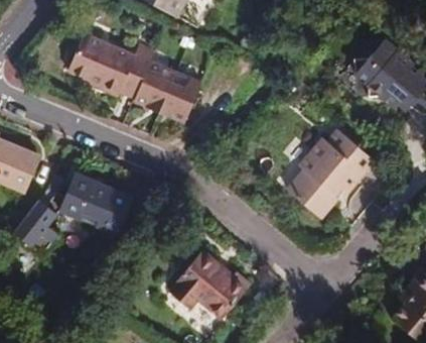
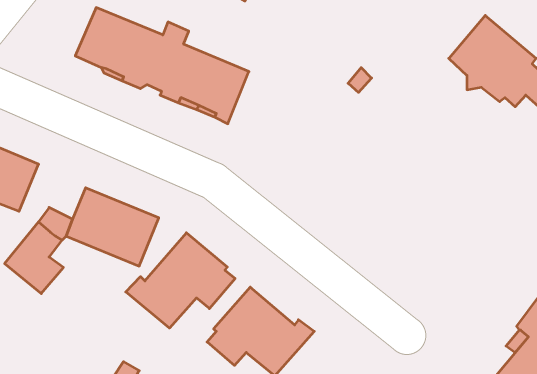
building: [287,129,372,221] -> none
building: none -> [126,233,235,328]

